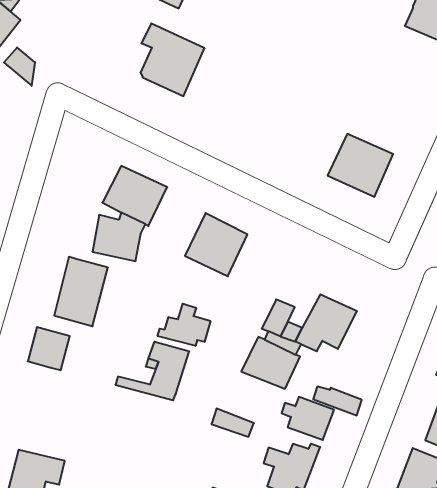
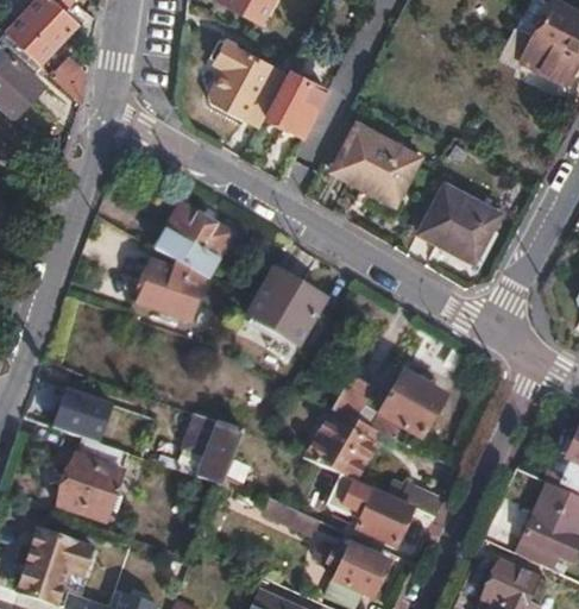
building: none -> [269,71,327,134]
building: none -> [334,125,420,205]
building: [54,257,108,326] -> [61,437,127,520]
building: [158,304,210,346] -> none

